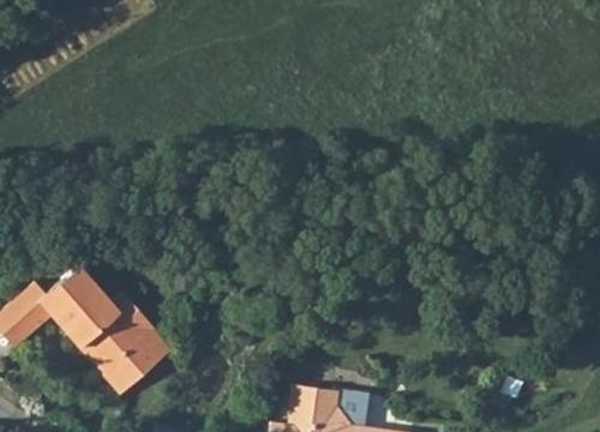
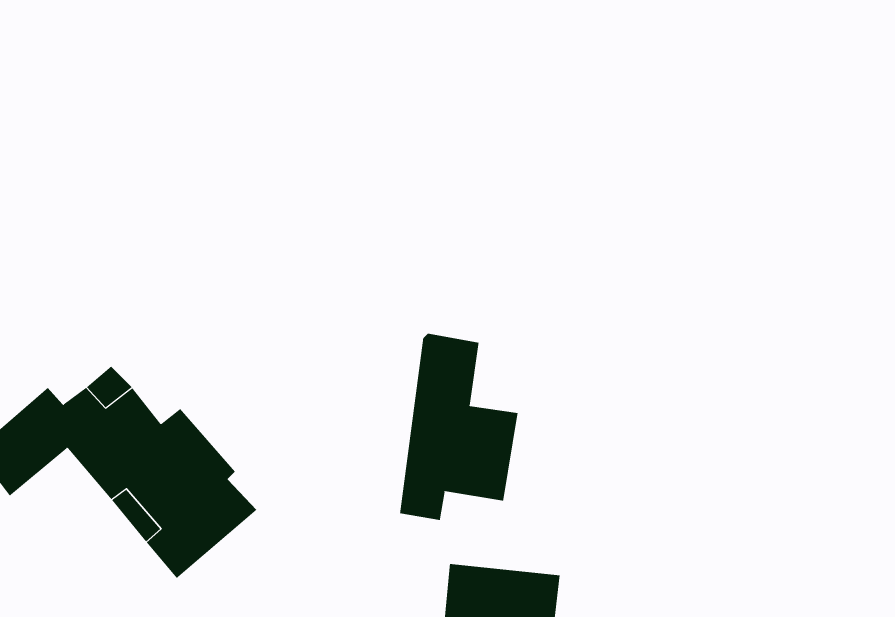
building: none -> [400,333,518,521]

